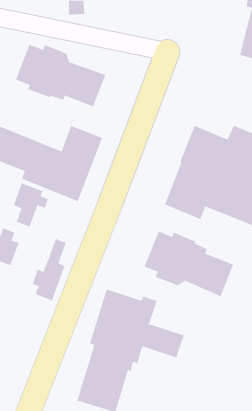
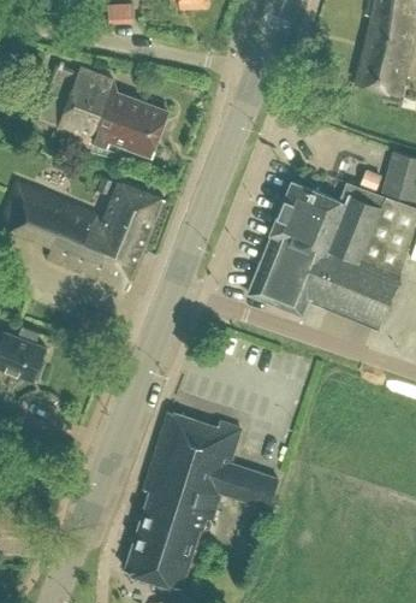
building: [13,183,48,228] -> none
building: [144,231,234,297] -> none
building: [32,238,66,301] -> none

